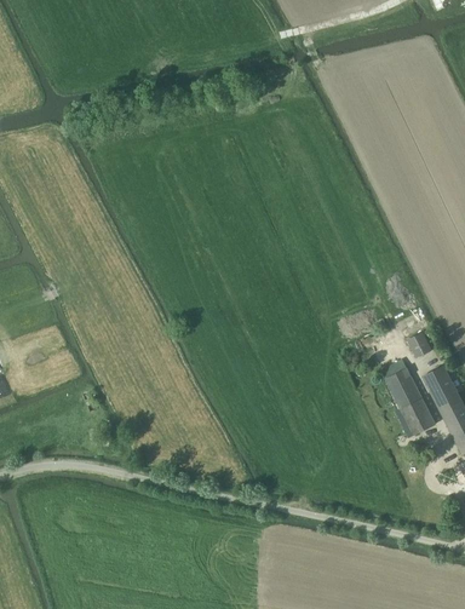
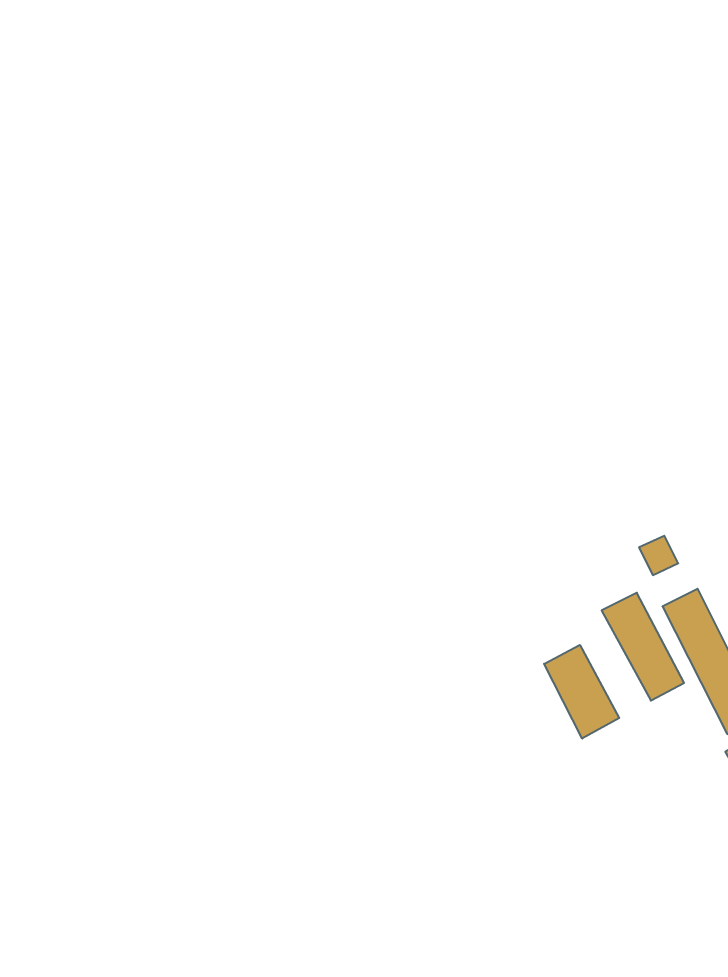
building: none -> [544,645,619,739]

